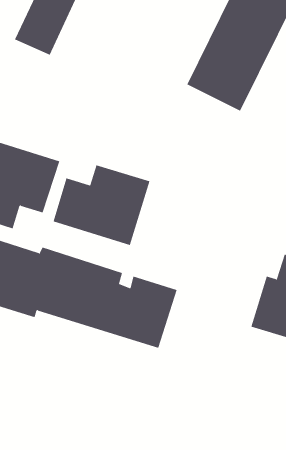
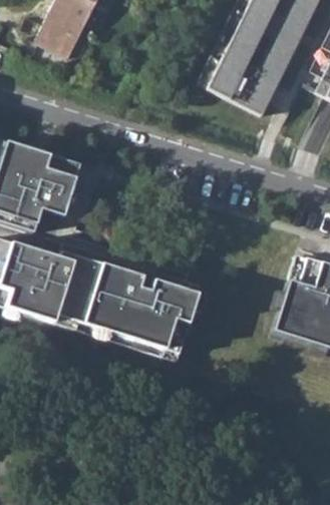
building: [53,165,150,246] -> none

